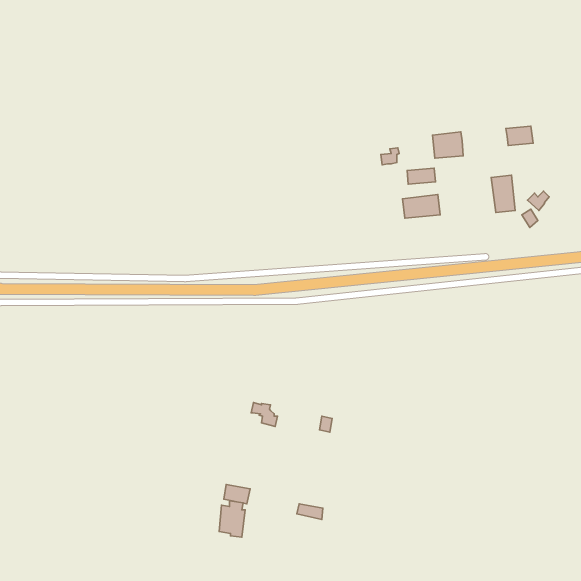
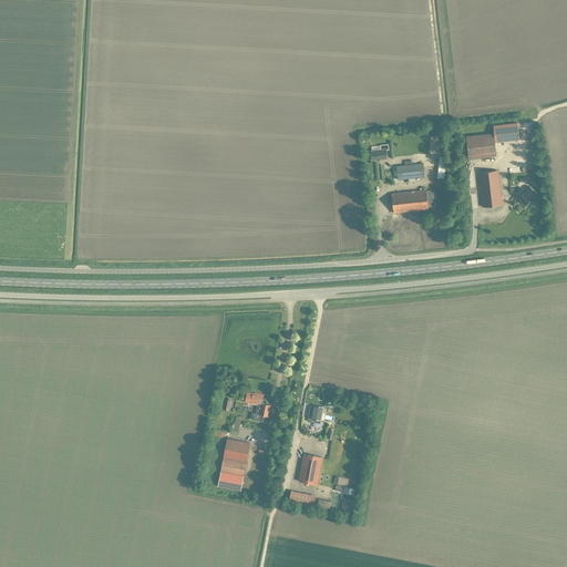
building: [432,132,463,158] -> [466,133,496,158]
building: none -> [299,454,322,484]
building: [219,501,245,537] -> [217,437,243,473]

